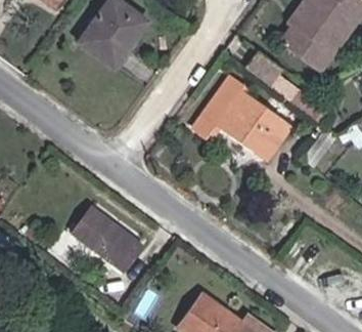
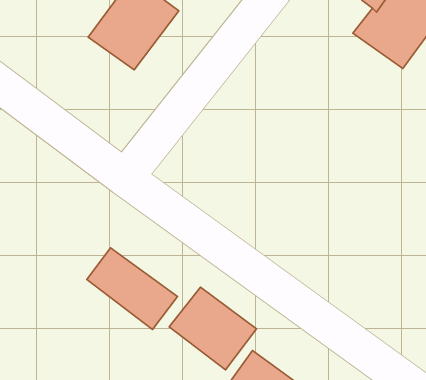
building: [192,79,289,162] -> none
building: none -> [169,287,257,370]

